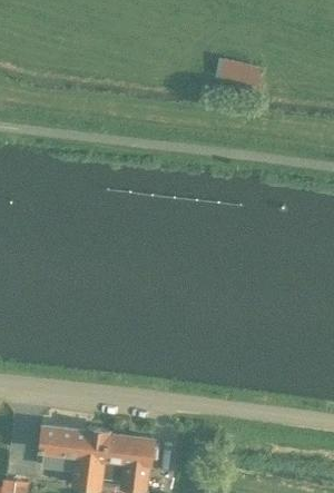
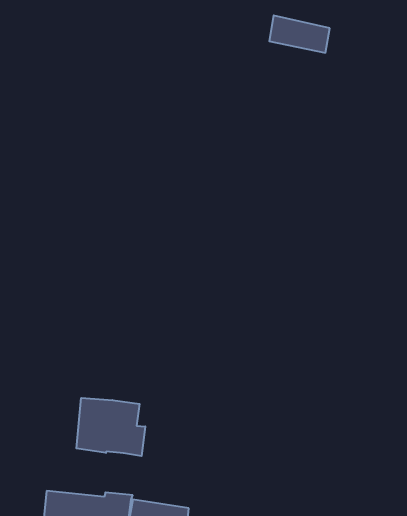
building: none -> [76,398,145,456]

